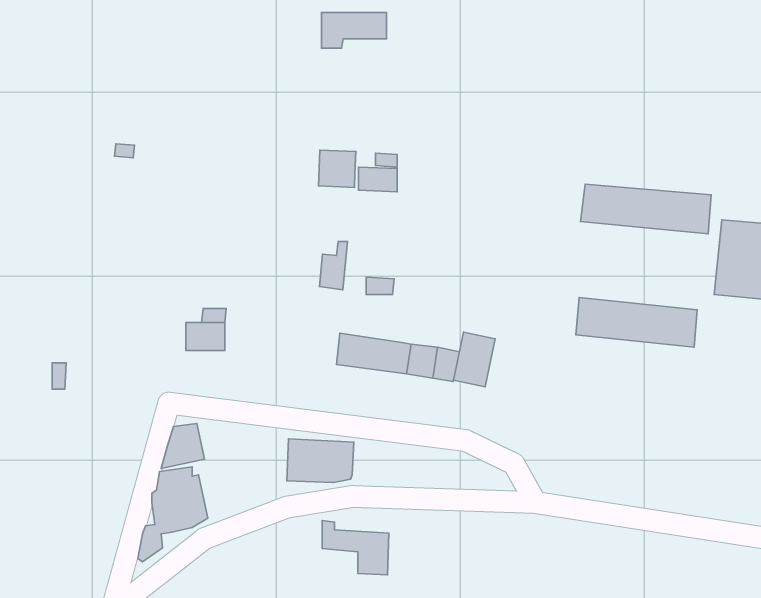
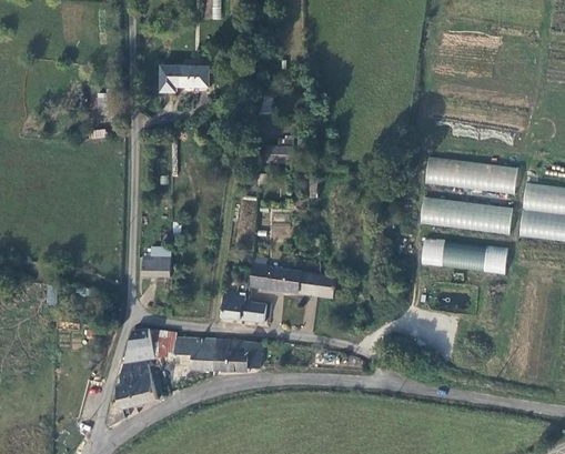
building: [321,12,387,48] -> [162,67,209,92]
building: [318,150,356,187] -> none
building: none -> [420,196,513,233]
building: [453,332,495,387] -> none
building: none -> [221,291,264,321]
building: [322,521,389,575] -> [168,330,215,369]

